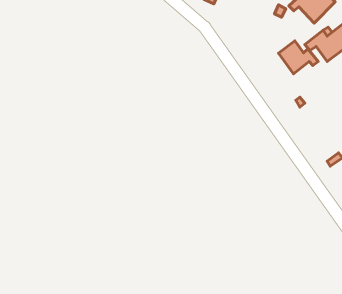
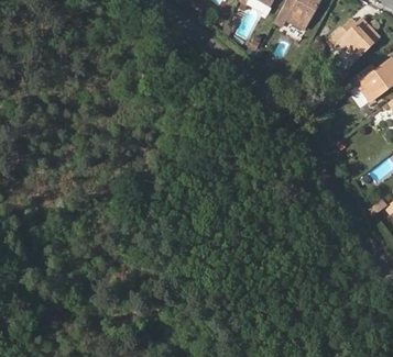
building: [278,41,318,74] -> none

